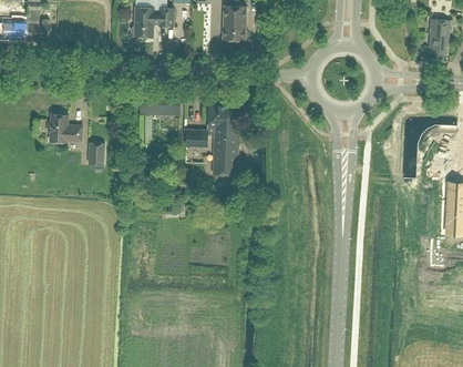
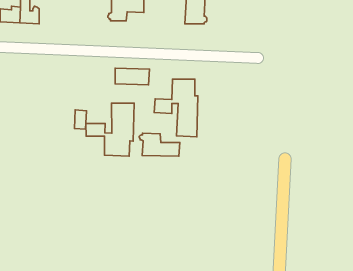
building: [47,112,82,143] -> none
building: none -> [86,103,134,156]
building: none -> [139,133,180,156]

